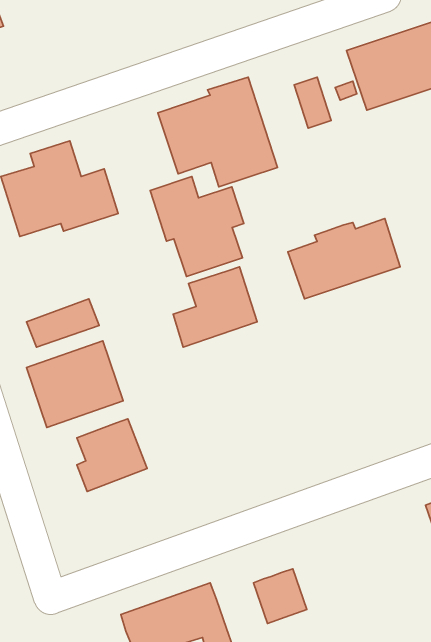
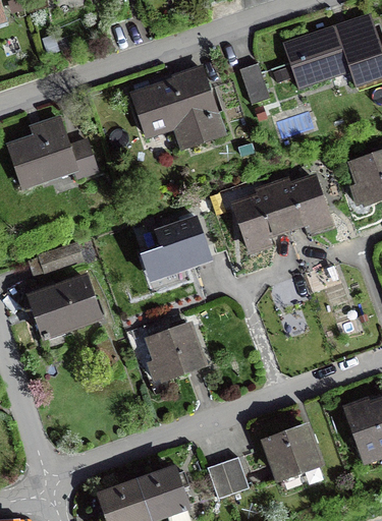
building: [150,176,244,276] -> none
building: [77,419,147,491] -> [146,324,202,382]
building: none -> [267,424,318,475]

